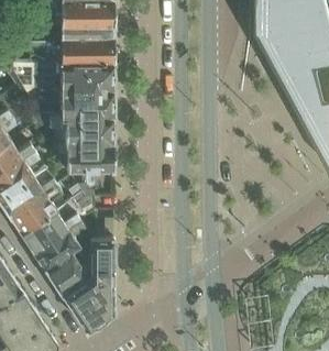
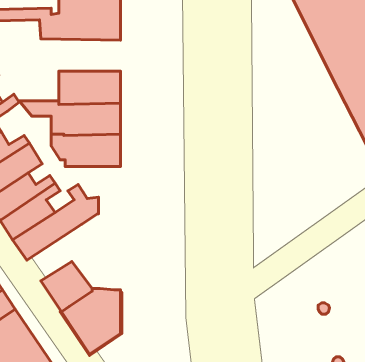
building: [33,61,112,88] -> none
building: [32,219,84,267] -> none
building: [88,228,112,275] -> none

